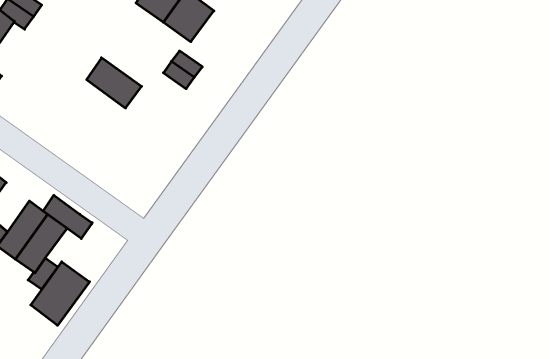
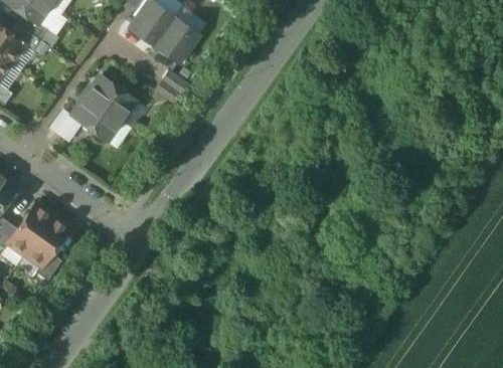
building: none -> [72,96,121,140]
building: [43,195,92,239] -> none
building: [31,262,90,325] -> none

